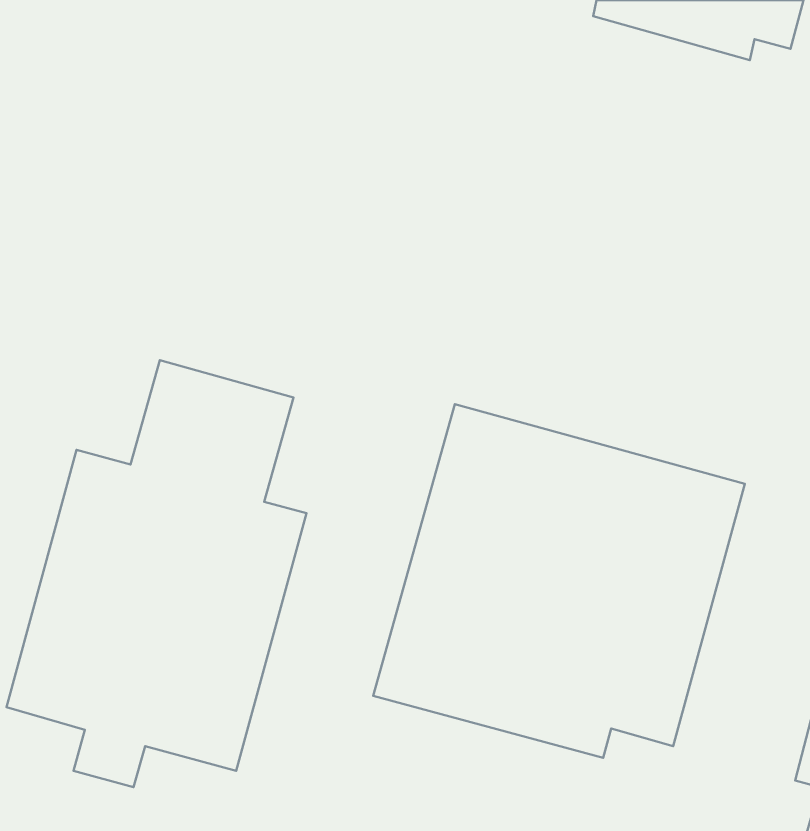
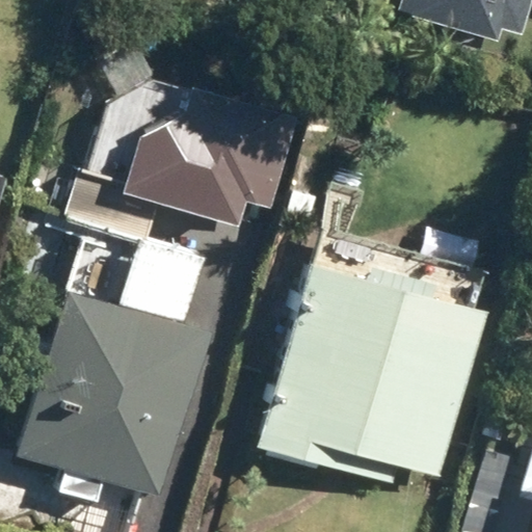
building: none -> [122,82,295,223]

